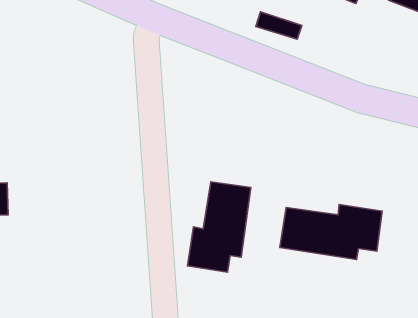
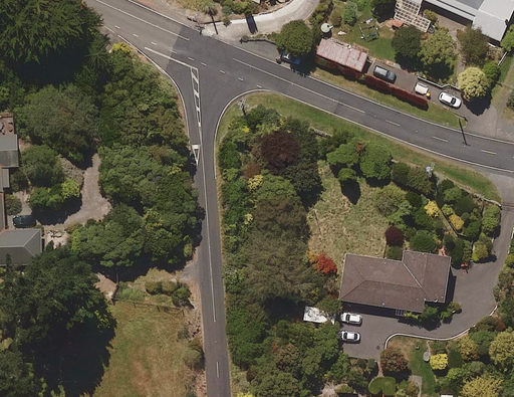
building: [188,182,251,272] -> none

